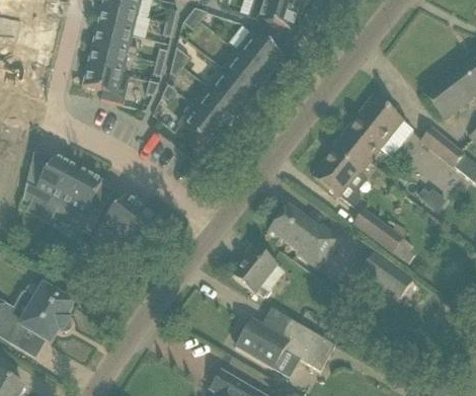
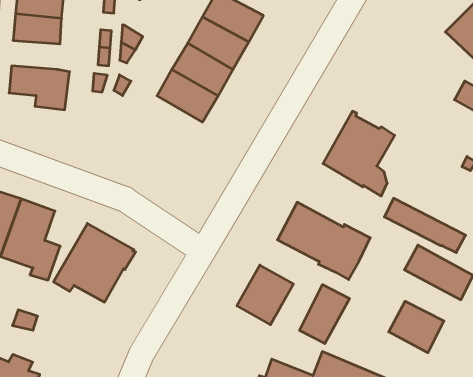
building: [87,46,127,73] -> none
building: [340,96,404,162] -> none
building: [180,104,226,148] -> none
building: none -> [300,285,349,344]
building: none -> [389,301,444,353]

